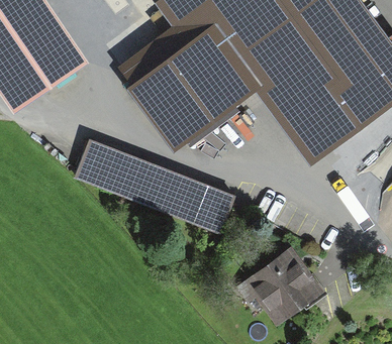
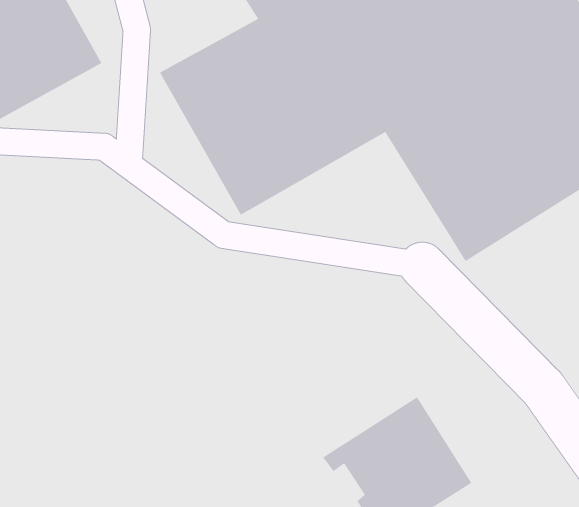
building: [75,140,233,230] -> none

